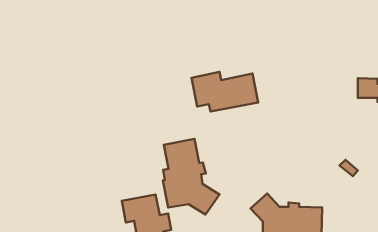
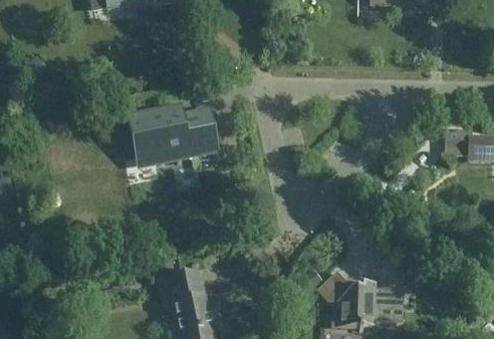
building: [191,72,258,112] -> [132,109,213,157]
building: [163,139,220,215] -> none

